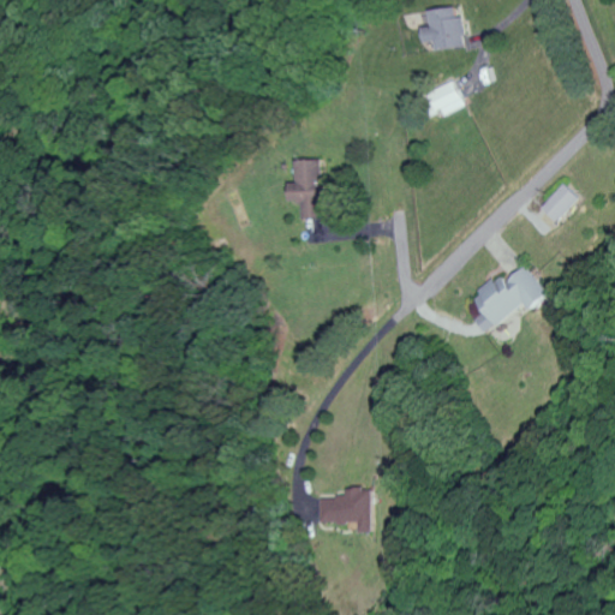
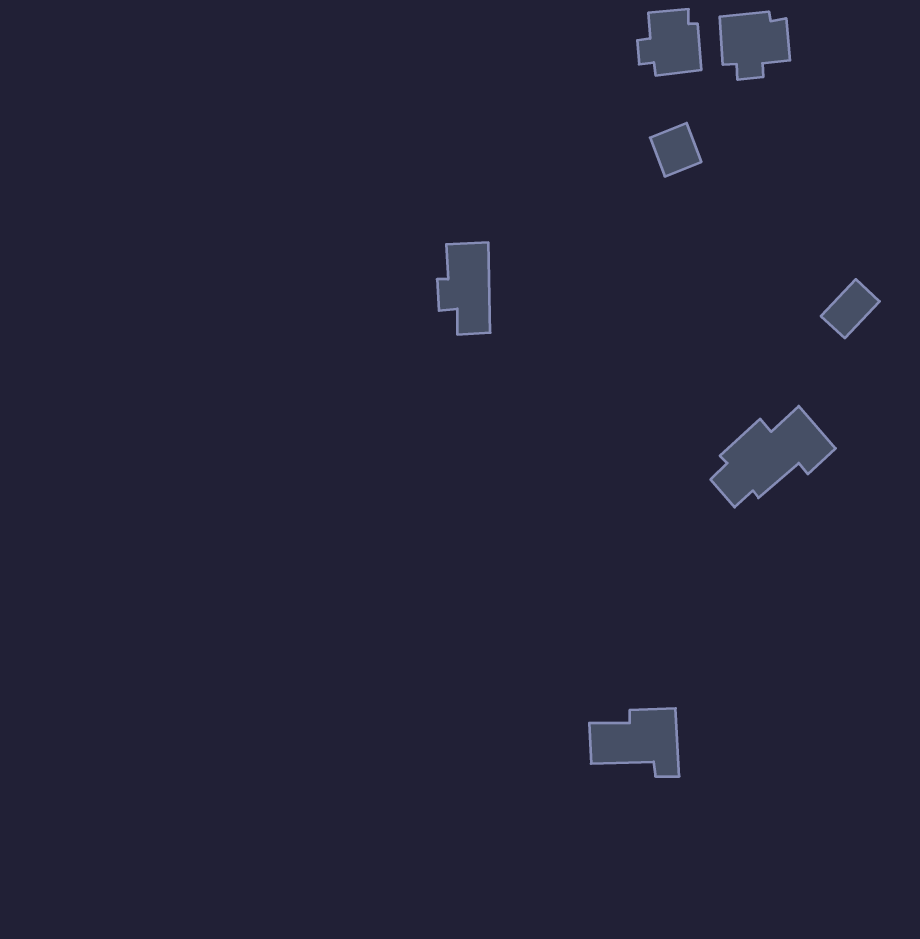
building: none -> [720,12,790,80]
building: [315,488,374,532] -> [589,708,679,776]

